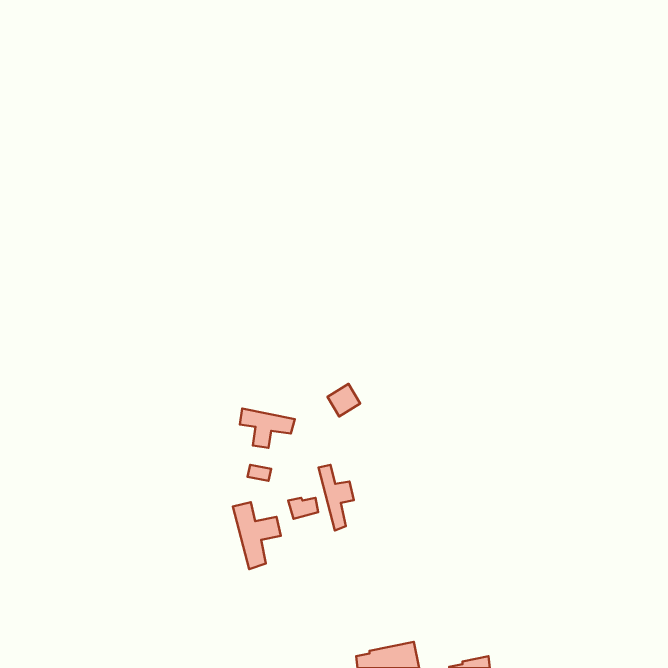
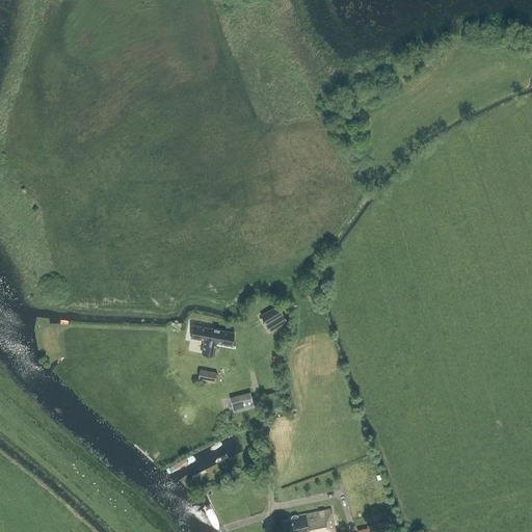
building: [318,465,354,530] -> none
building: [233,502,281,569] -> none

